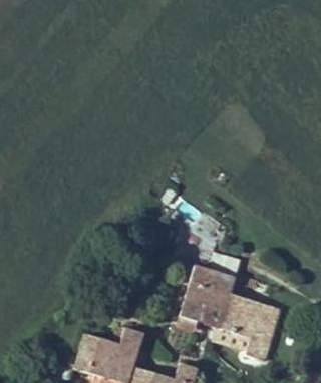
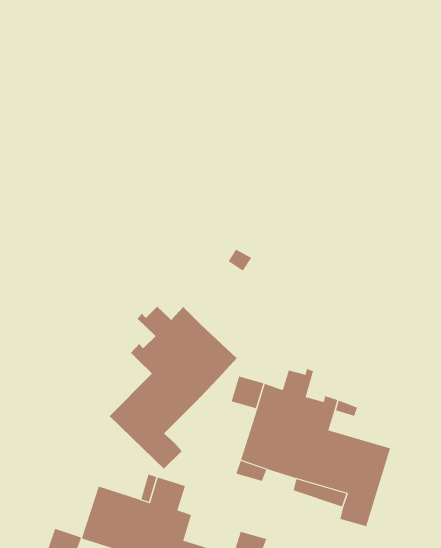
building: none -> [109,306,237,469]

